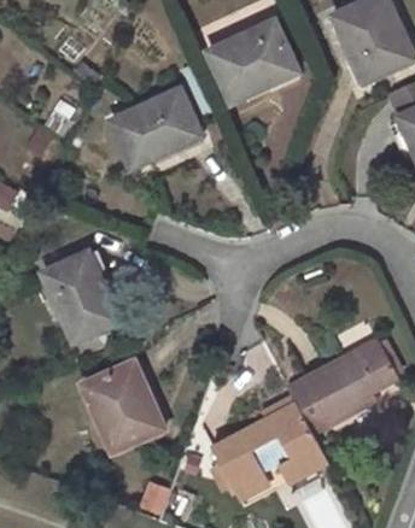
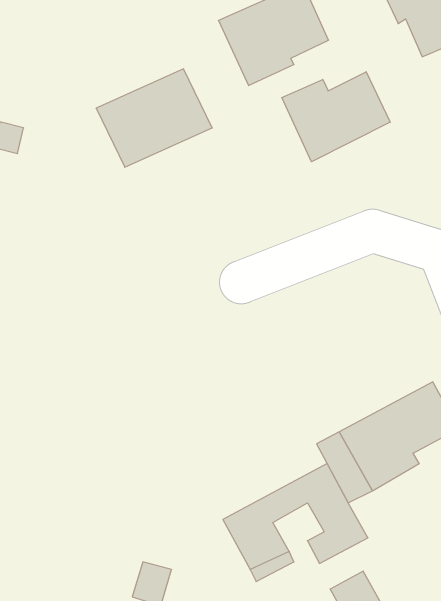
building: none -> [282,72,390,162]
building: [41,250,121,341] -> none
building: [83,364,164,451] -> none

